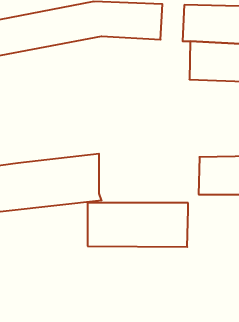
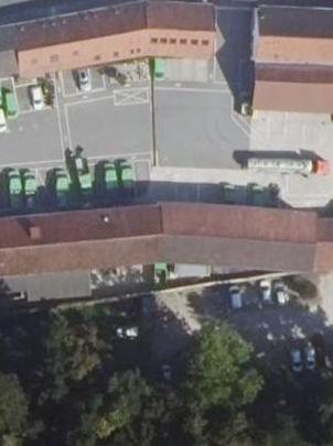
building: [88,203,188,247] -> [130,213,261,270]

